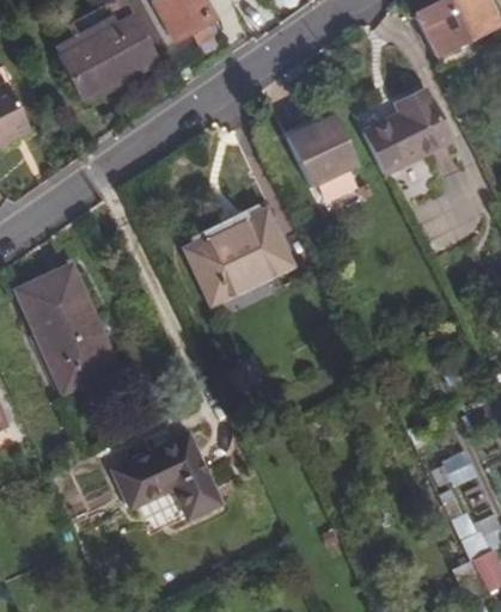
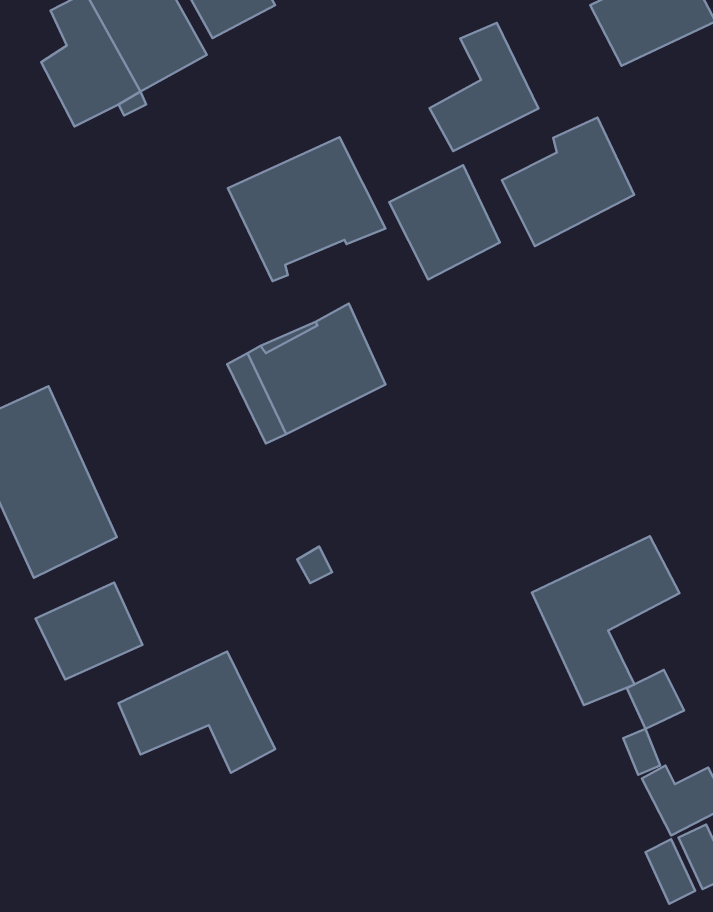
building: none -> [430,23,538,151]
building: none -> [228,137,385,281]
building: none -> [532,536,680,705]
building: none -> [36,583,143,679]

